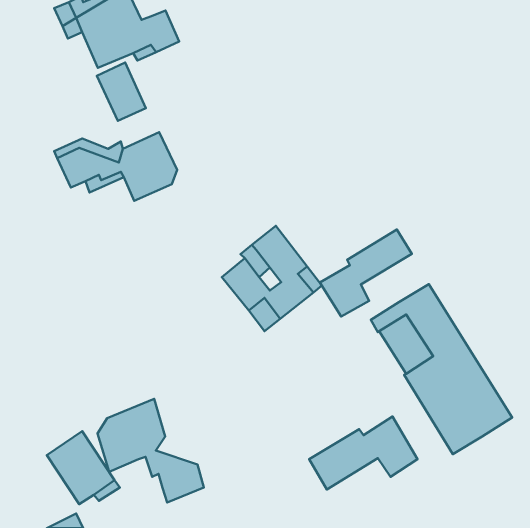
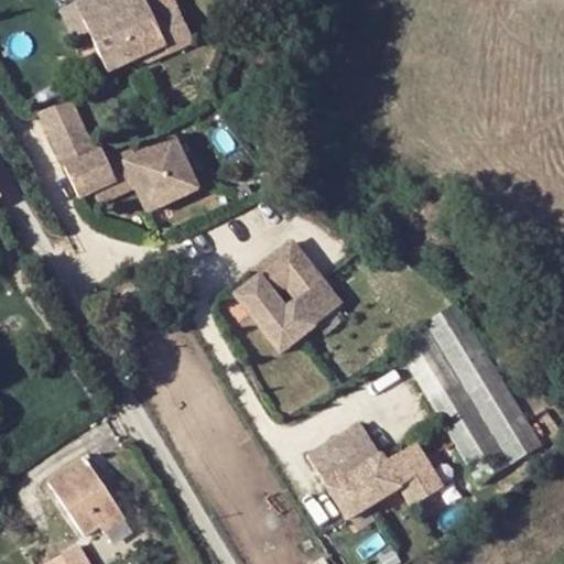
building: [97,62,146,121] -> [37,98,89,160]
building: [320,230,412,317] -> none
building: none -> [307,420,382,486]
building: [98,399,204,503] -> none

